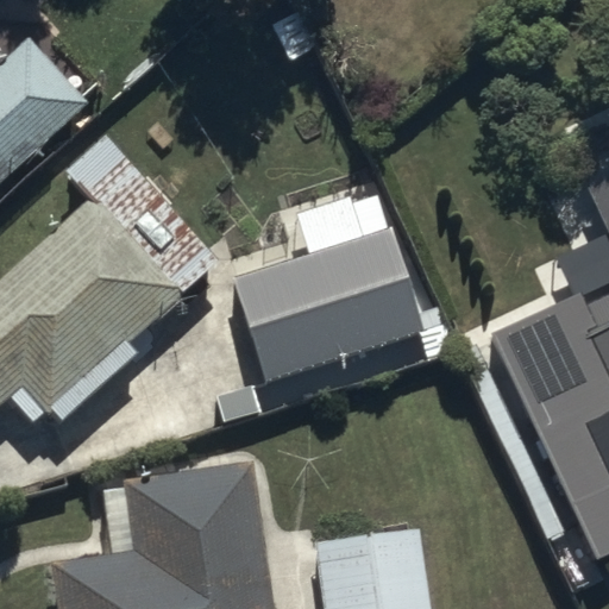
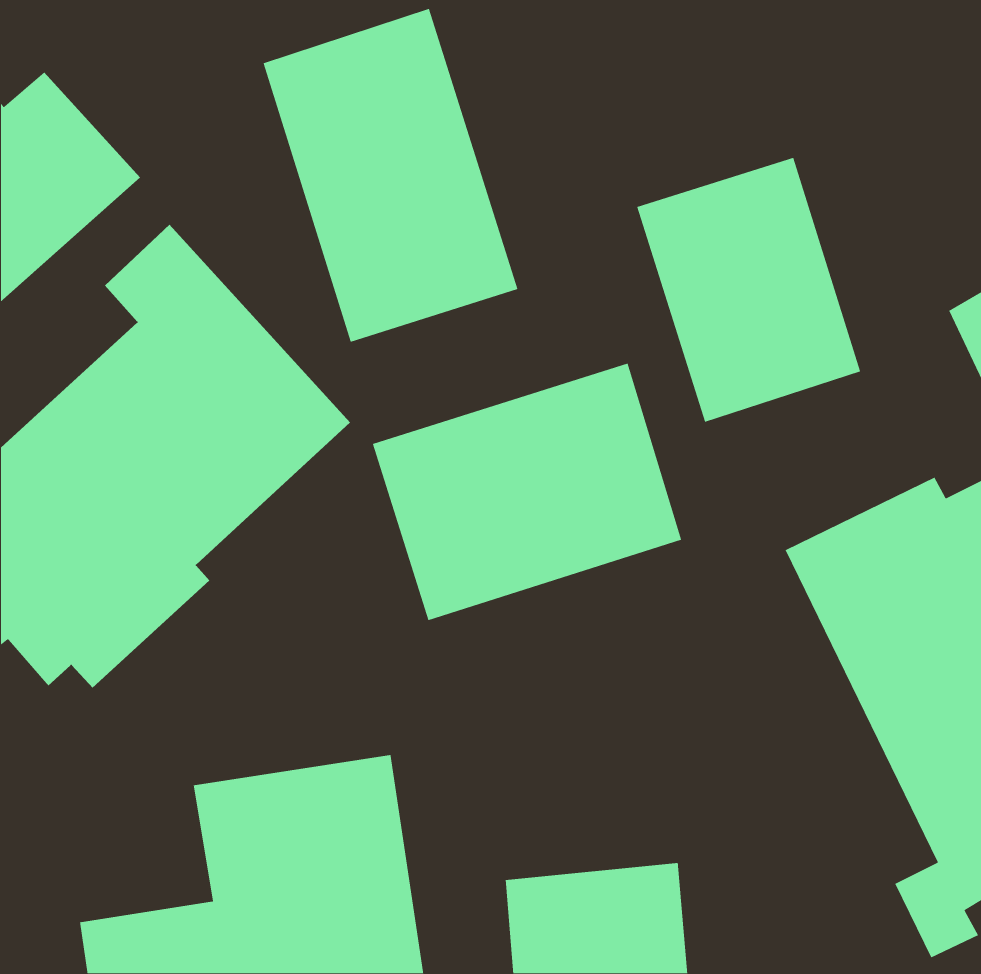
building: none -> [262,8,519,343]
building: none -> [636,157,861,423]

